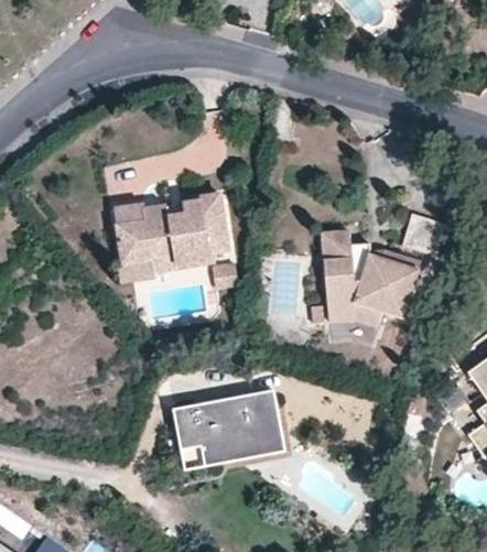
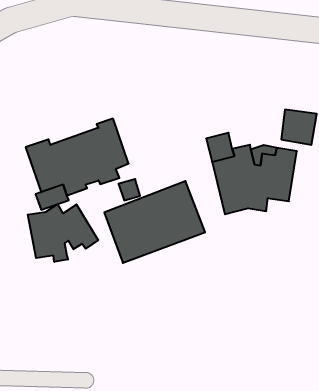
building: none -> [28,204,98,262]
building: [176,389,286,469] -> [104,181,205,263]

